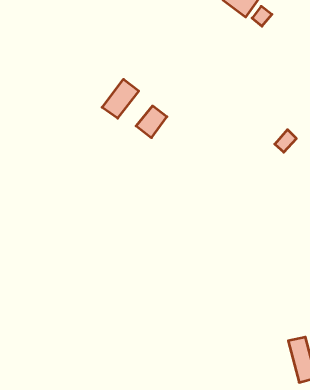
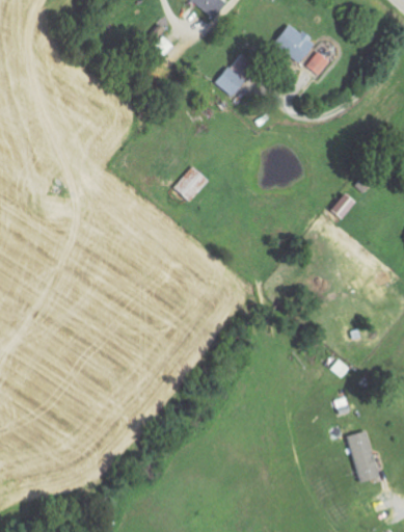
building: none -> [214,53,255,97]
building: [102,79,139,118] -> none

